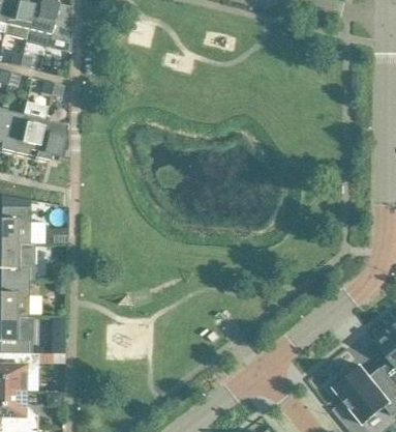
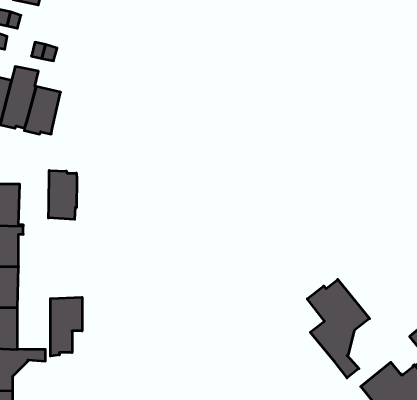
building: none -> [48,170,77,219]
building: none -> [307,279,370,378]
building: none -> [50,297,82,356]

